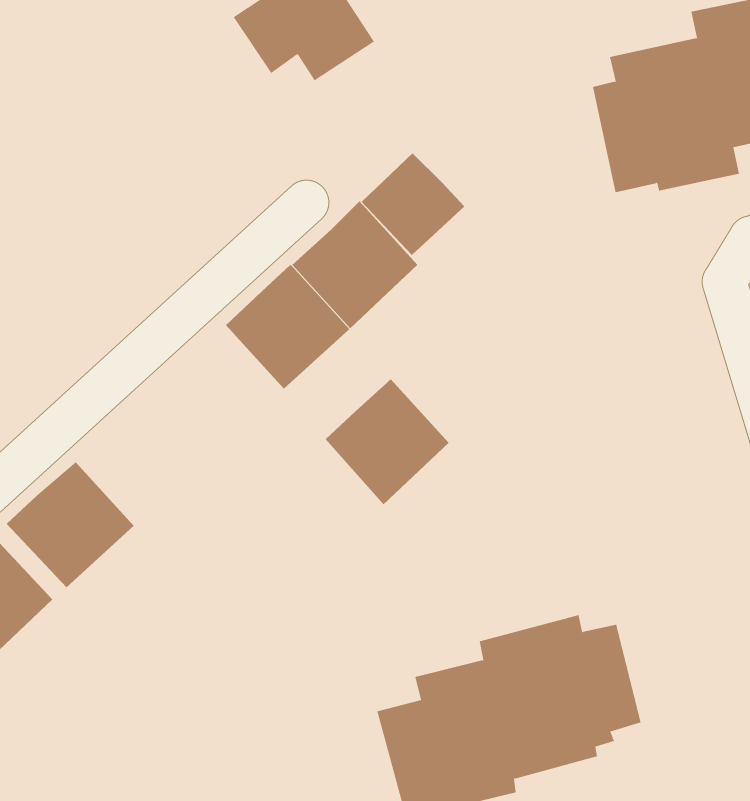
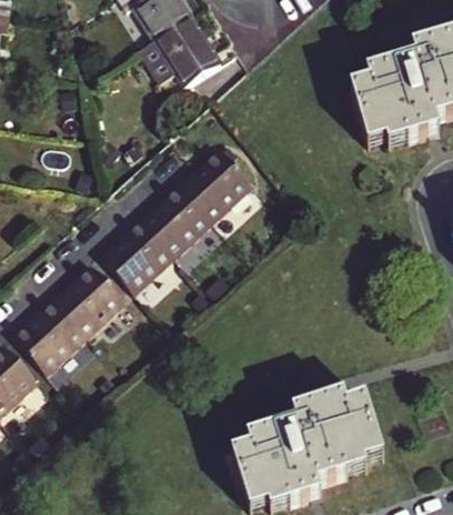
building: [361,152,465,256] -> none
building: [325,379,450,505] -> [101,221,174,295]
building: none -> [52,264,127,339]

